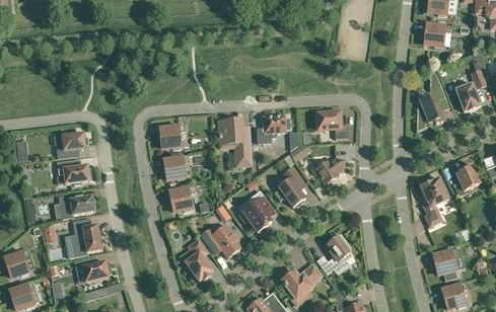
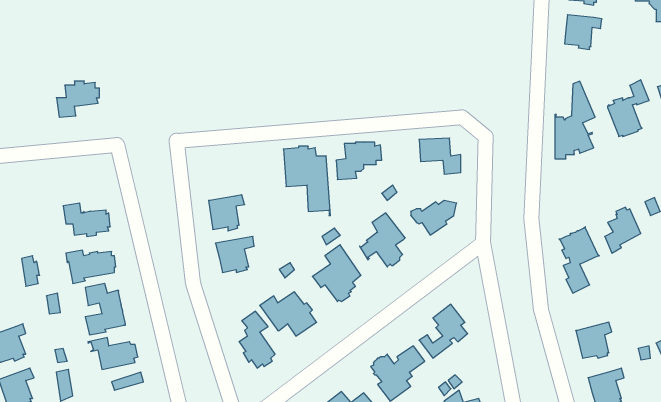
building: [159,124,186,149] -> none
building: [56,132,87,158] -> [56,81,99,117]

